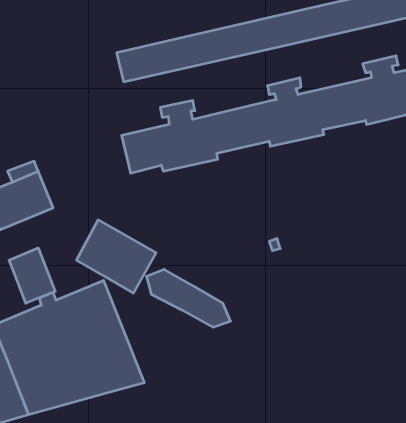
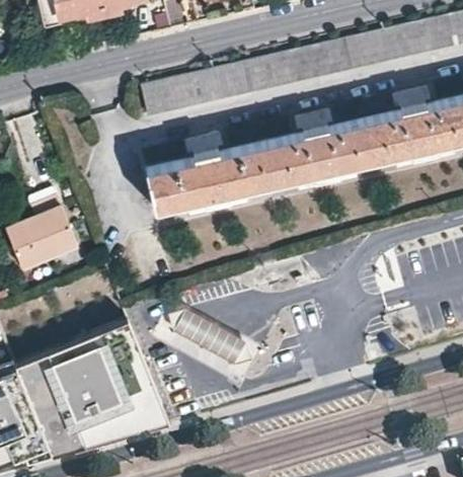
building: [77,220,156,293] -> none
building: [9,248,55,303] -> none

